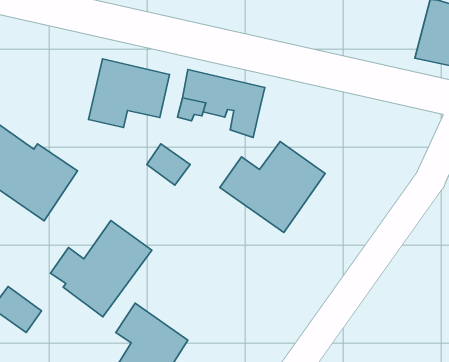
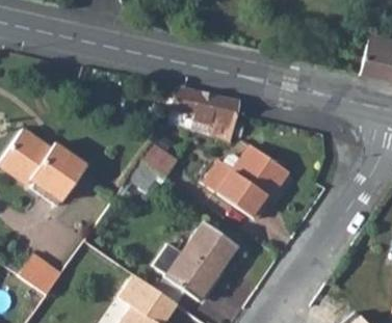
building: [88,59,169,128] -> none
building: [50,221,152,317] -> [154,220,236,298]

